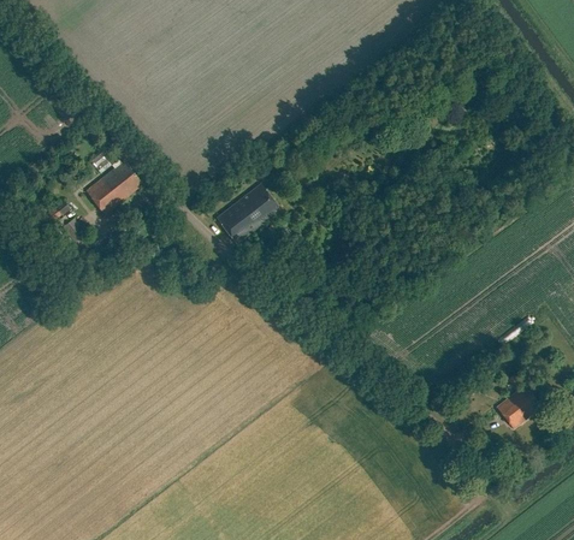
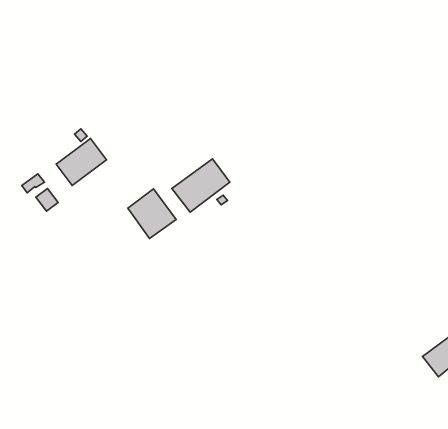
building: none -> [128,189,176,239]

